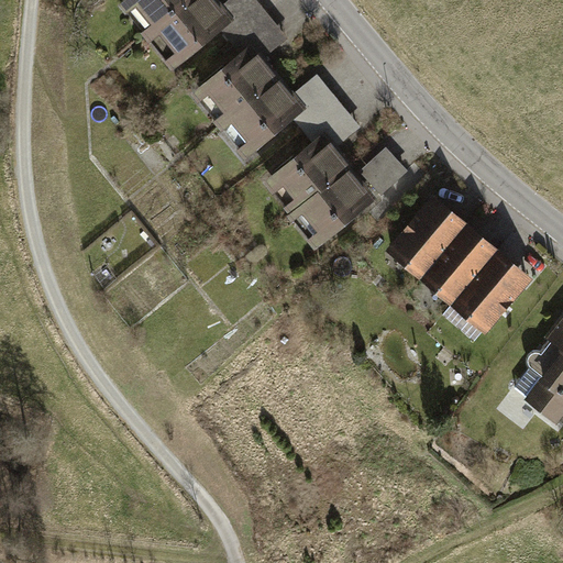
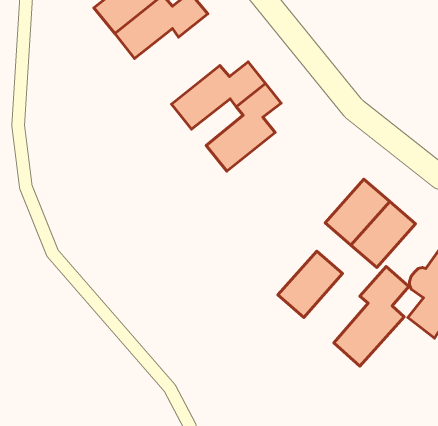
building: [196,18,288,133] -> none
building: [292,148,409,250] -> none
building: [385,200,467,285] -> [278,251,343,317]
building: none -> [334,266,409,366]

